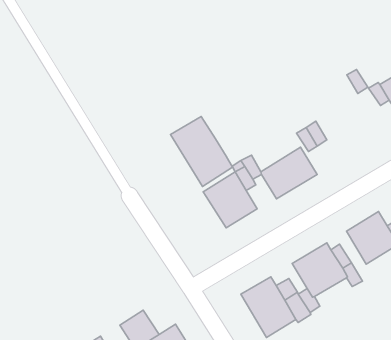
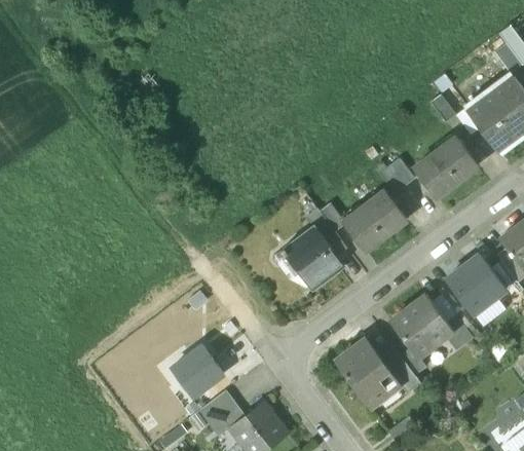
building: none -> [414,138,478,197]
building: [170,116,233,186] -> none
building: none -> [171,345,223,398]

